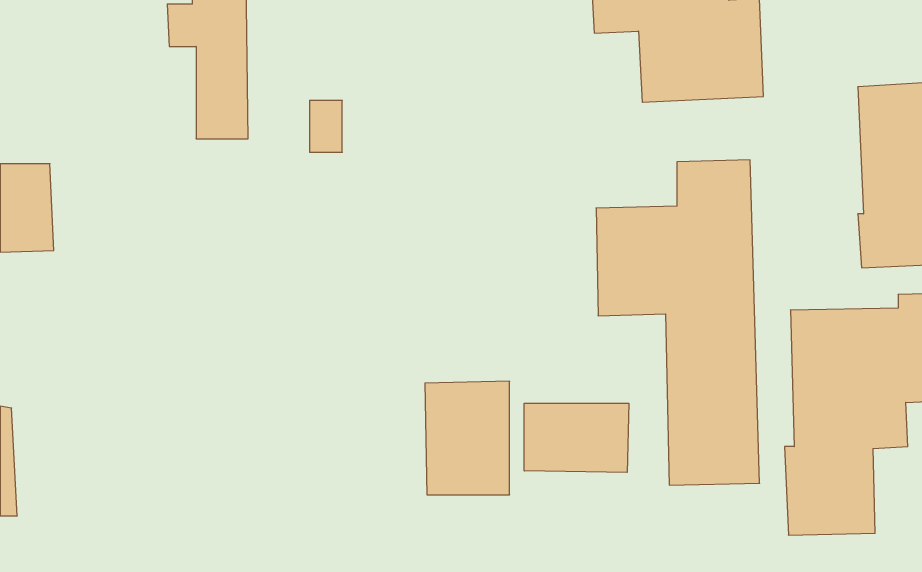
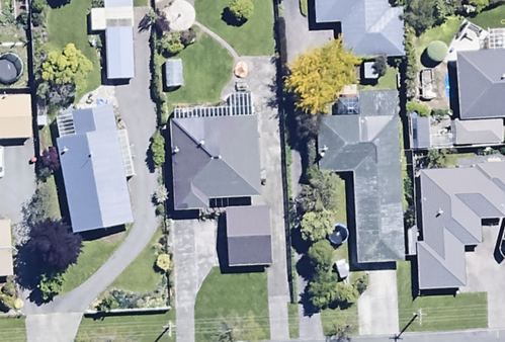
building: none -> [170,90,261,209]
building: none -> [56,103,135,231]
building: [524,403,629,472] -> none

